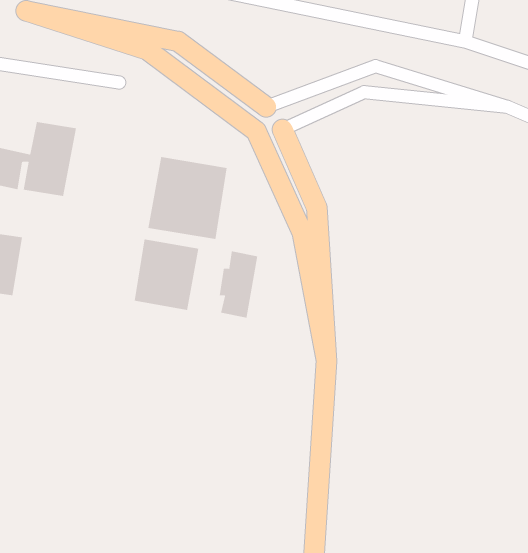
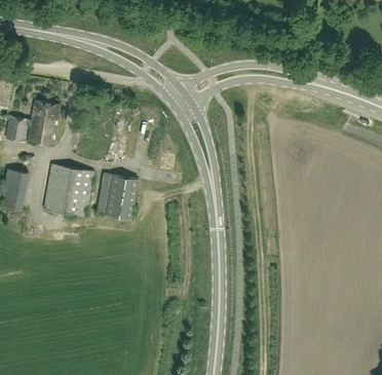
building: [147,156,227,240] -> [43,163,93,216]
building: [219,250,258,318] -> none

